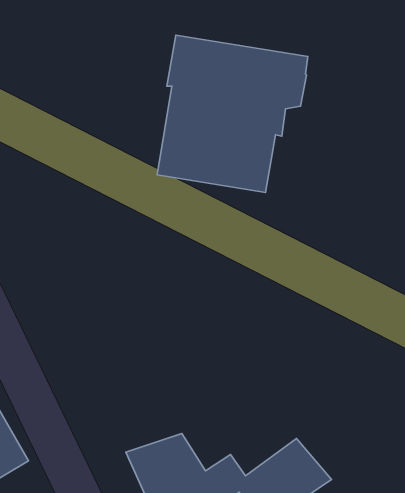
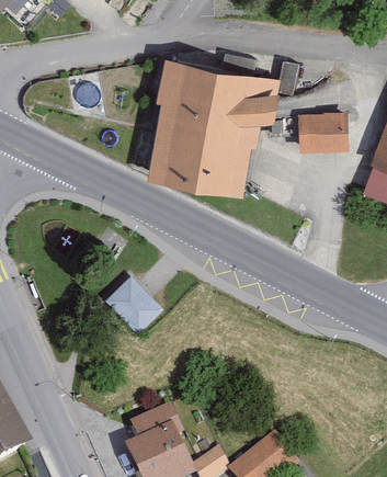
building: none -> [297,113,348,155]
building: none -> [105,275,162,336]

